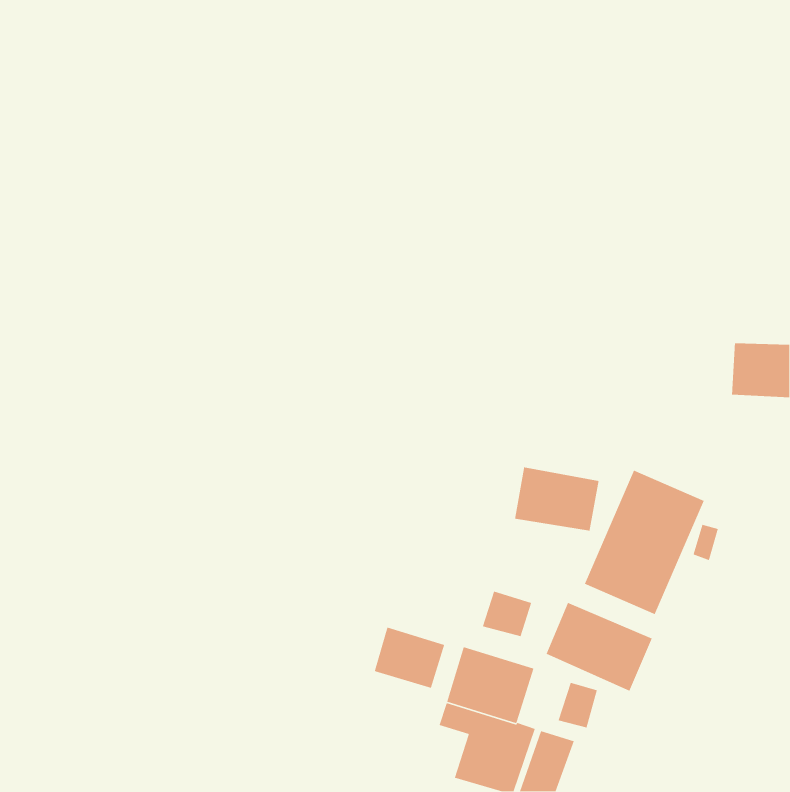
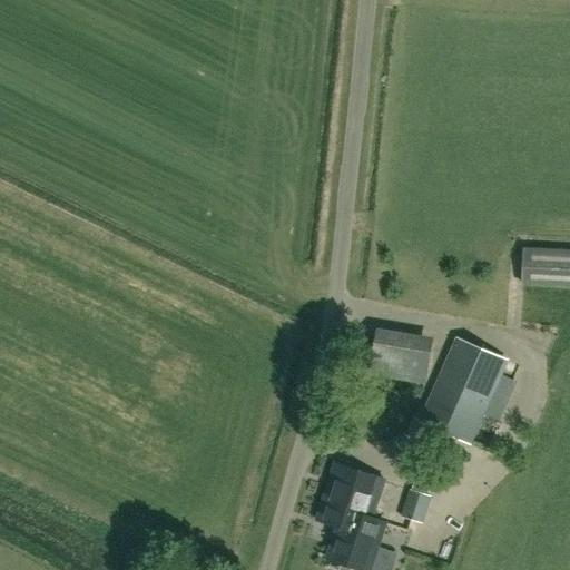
building: [482,591,532,637] -> none
building: [545,602,653,692] -> none
building: [374,627,445,689] -> none

